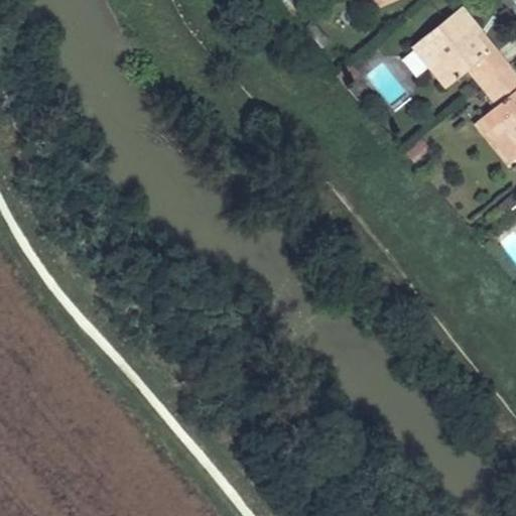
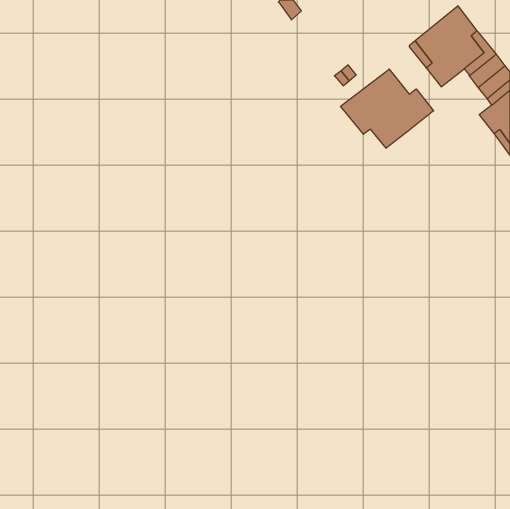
building: none -> [341,69,434,148]

